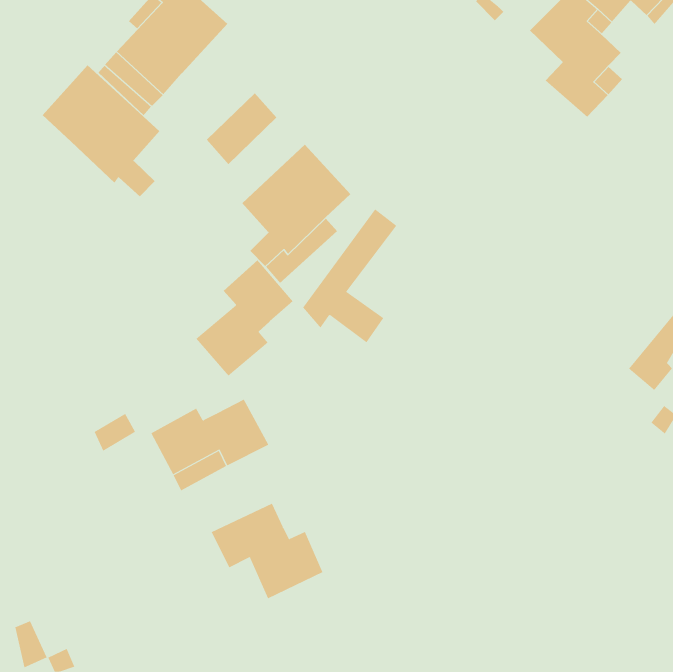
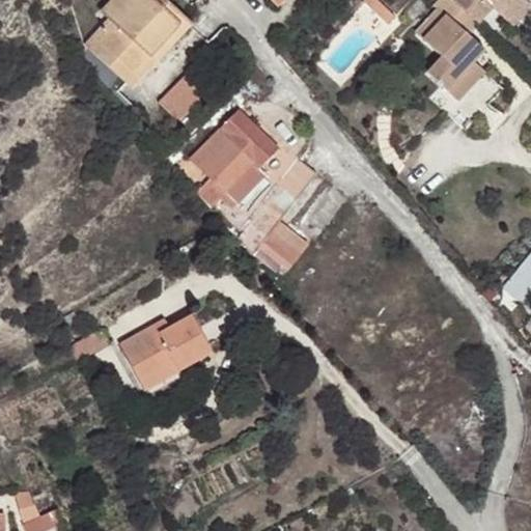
building: [42,64,160,197] -> none
building: [196,259,293,376] -> none
building: [211,503,323,599] -> none

